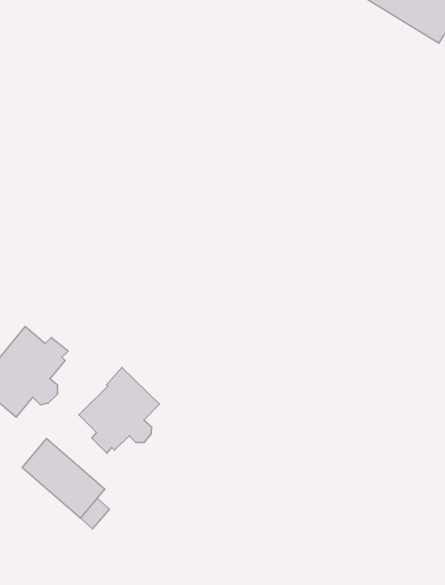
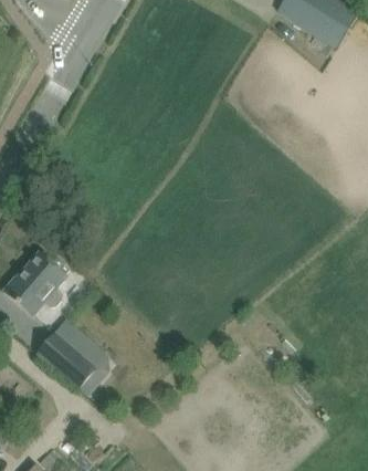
building: [79,368,159,453] -> none

